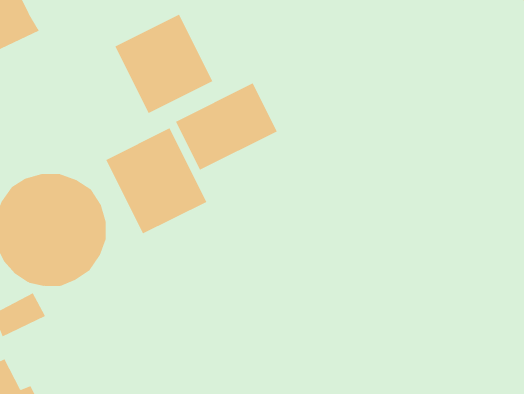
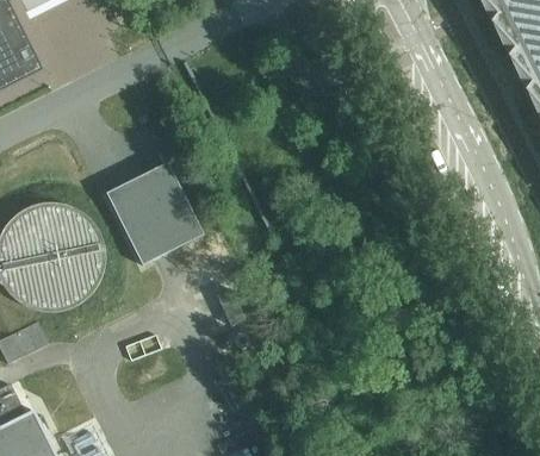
building: [114,14,213,114] -> none
building: [175,83,277,170] -> none

